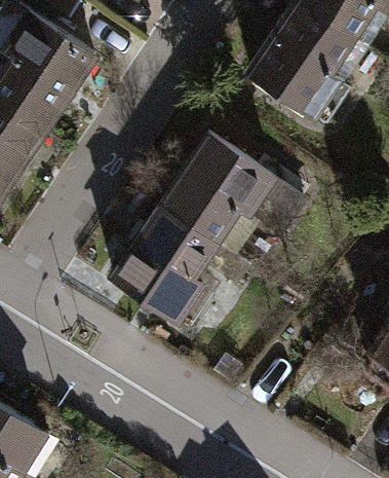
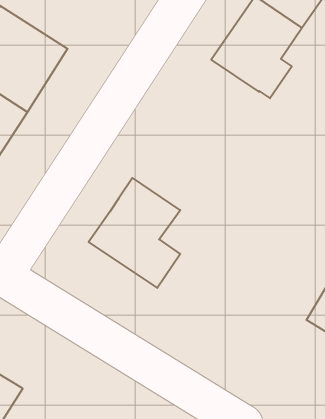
building: [167,127,312,236] -> none

